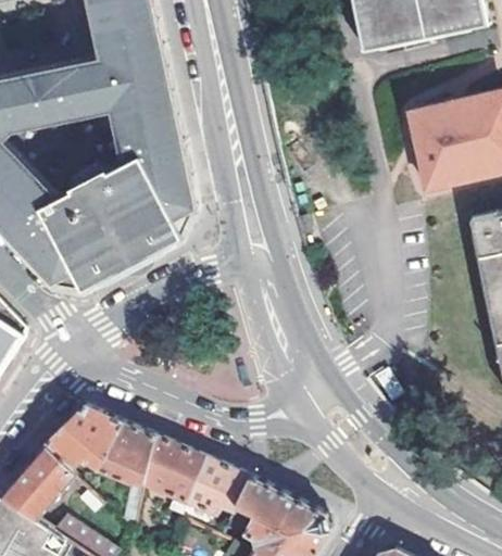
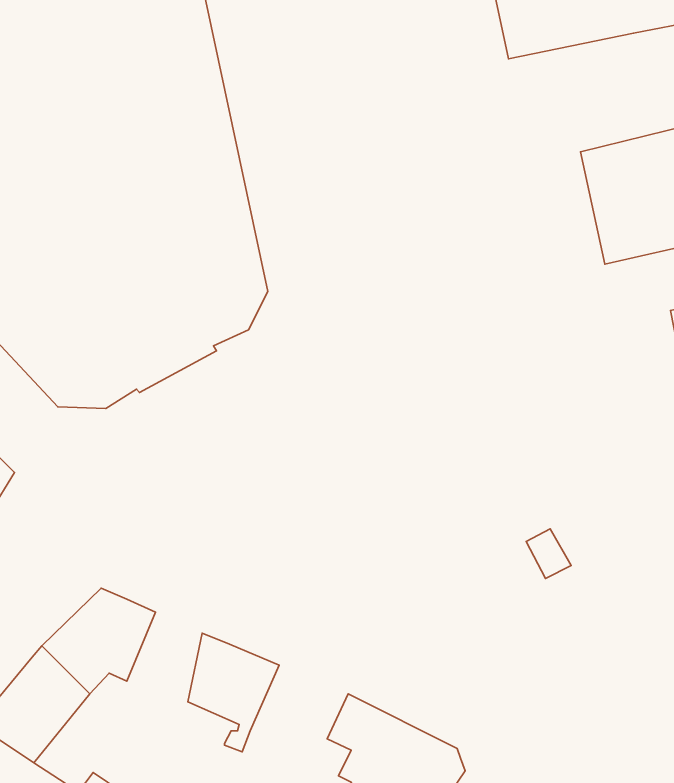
building: [100,424,151,484] -> none
building: [184,459,250,517] -> none

